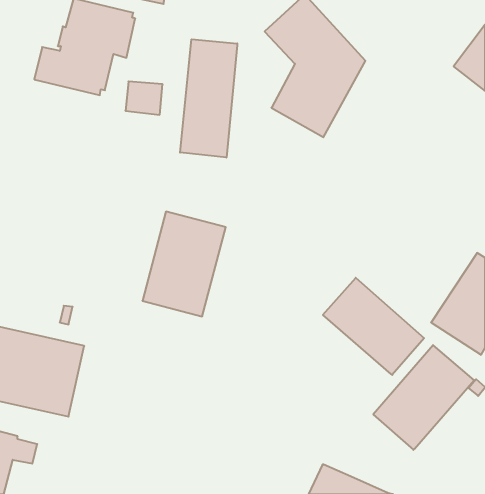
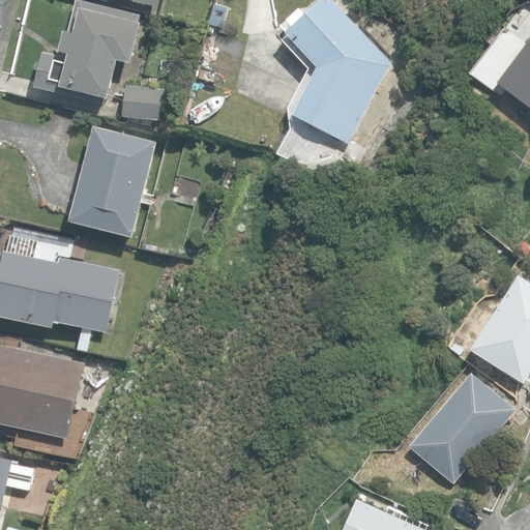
building: [180,39,237,158] -> none
building: [142,212,226,316] -> [77,134,165,244]
building: none -> [7,235,136,331]
building: [323,278,424,375] -> none

